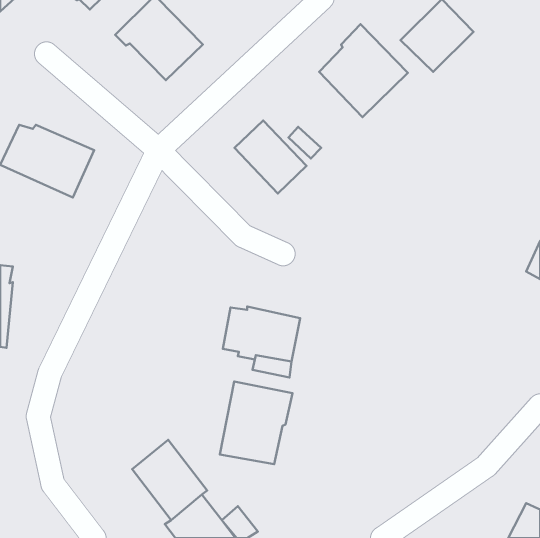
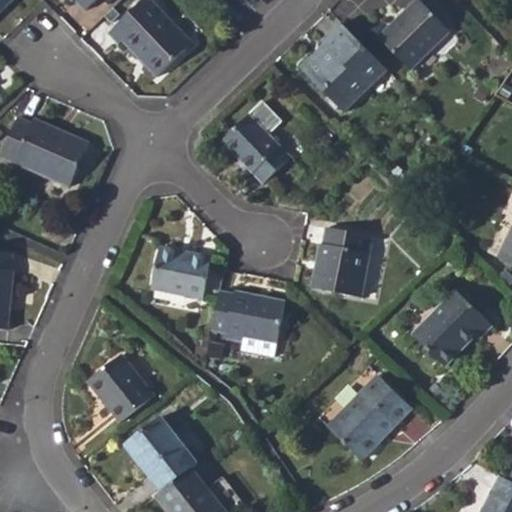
building: none -> [312,227,369,297]
building: none -> [153,248,210,298]
building: none -> [412,289,491,365]
building: none -> [88,354,153,422]
building: [220,382,293,464] -> none
building: none -> [328,374,411,459]

